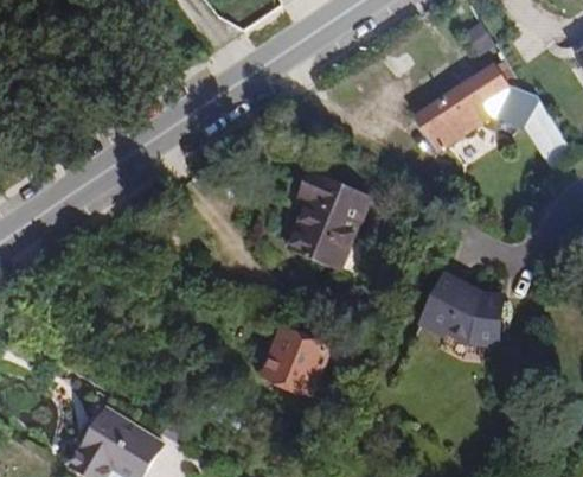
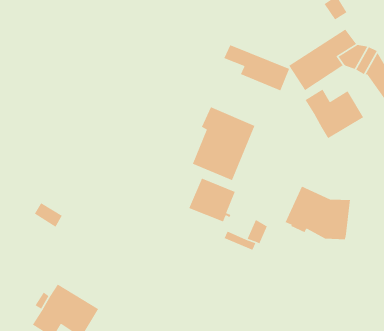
building: none -> [223,44,290,92]
building: none -> [304,89,364,139]
building: [263,331,327,392] -> [188,177,236,222]

